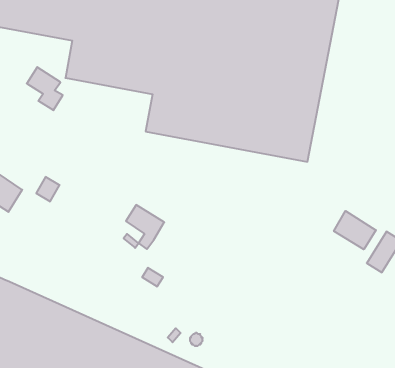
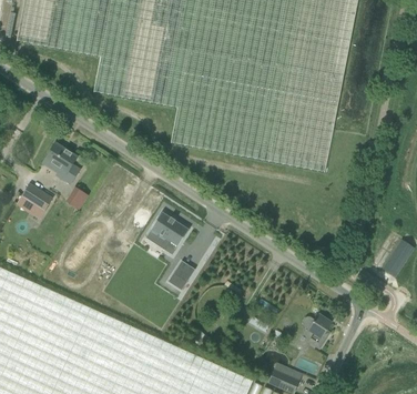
building: [27,67,63,110] -> [45,143,80,184]
building: [334,211,376,249] -> none
building: none -> [303,315,332,348]

